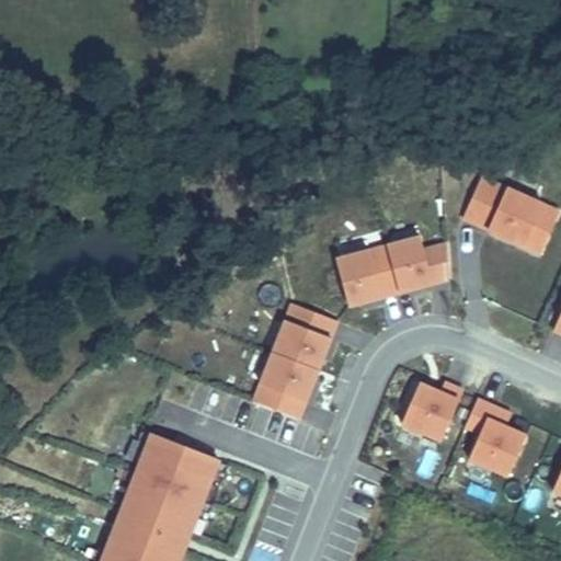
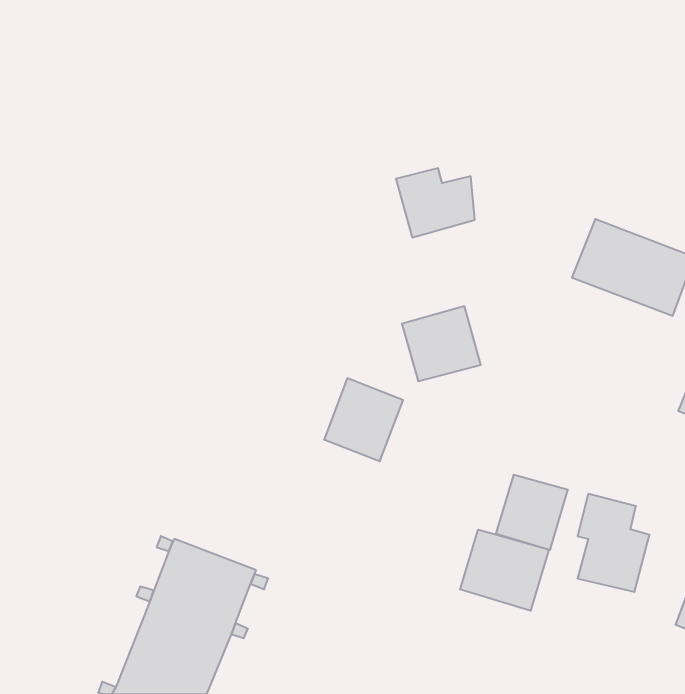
building: [382,238,446,294] -> [396,168,475,237]
building: [250,354,314,421] -> none
building: none -> [460,530,549,611]

